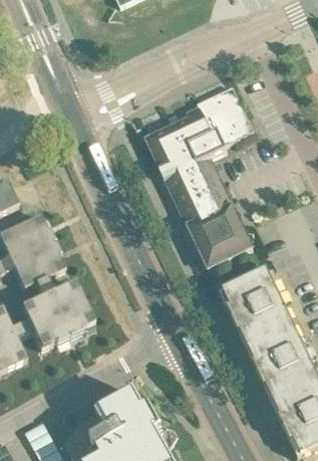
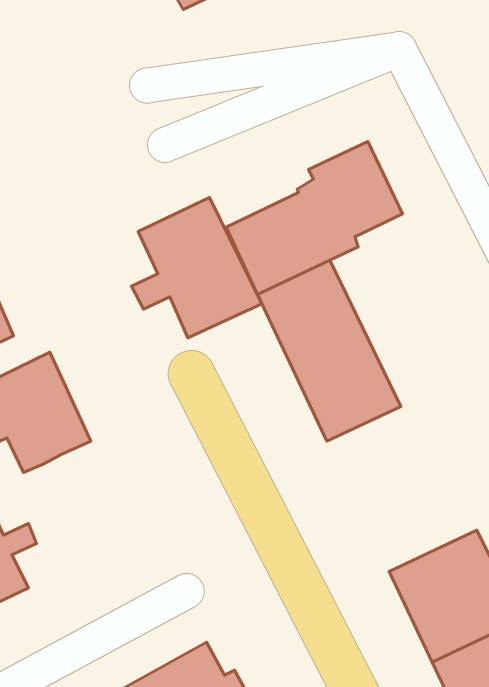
building: none -> [131,197,262,338]
building: [220,268,299,349] -> none
building: [20,277,93,350] -> none

